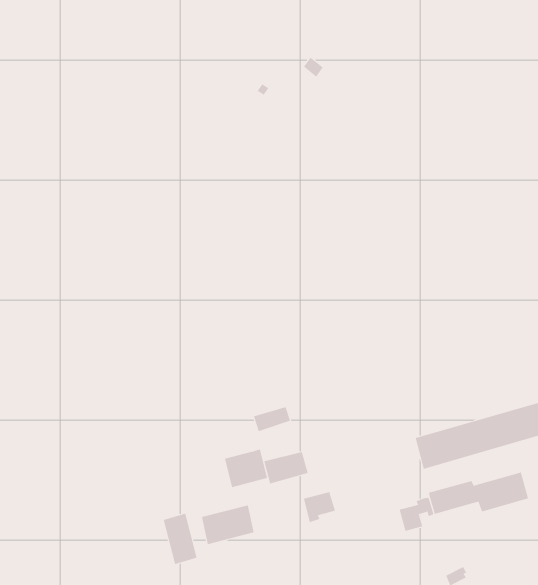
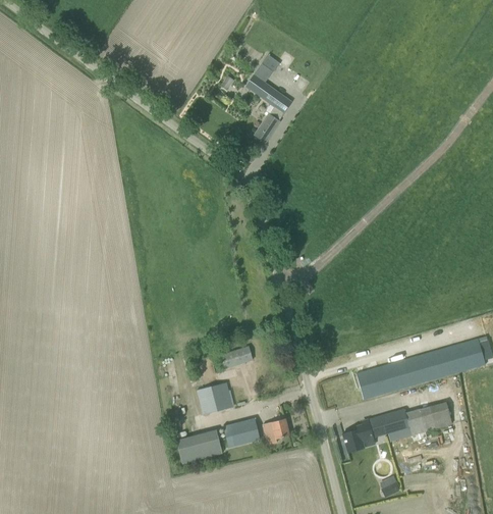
building: none -> [247,74,293,142]
building: [264,451,308,484] -> [223,419,261,447]
building: [163,513,197,565] -> none

